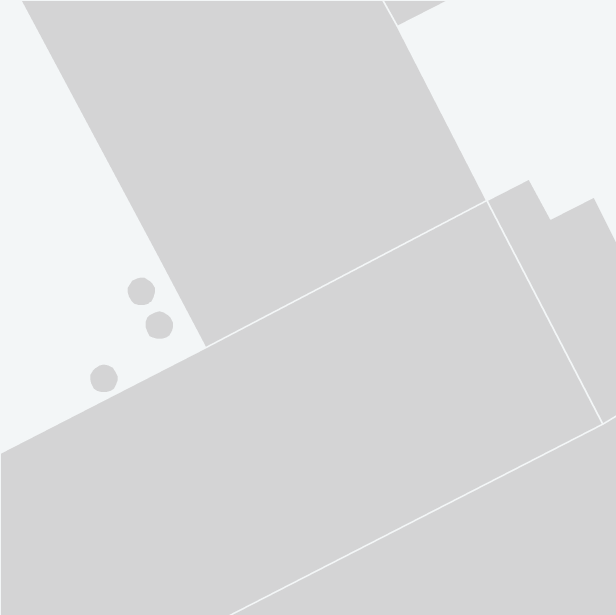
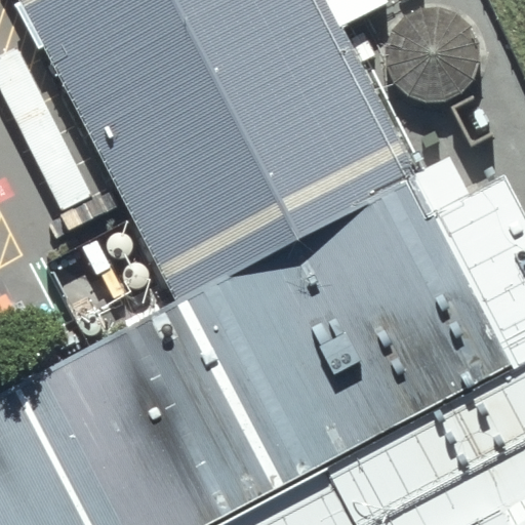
building: none -> [389,13,481,106]

